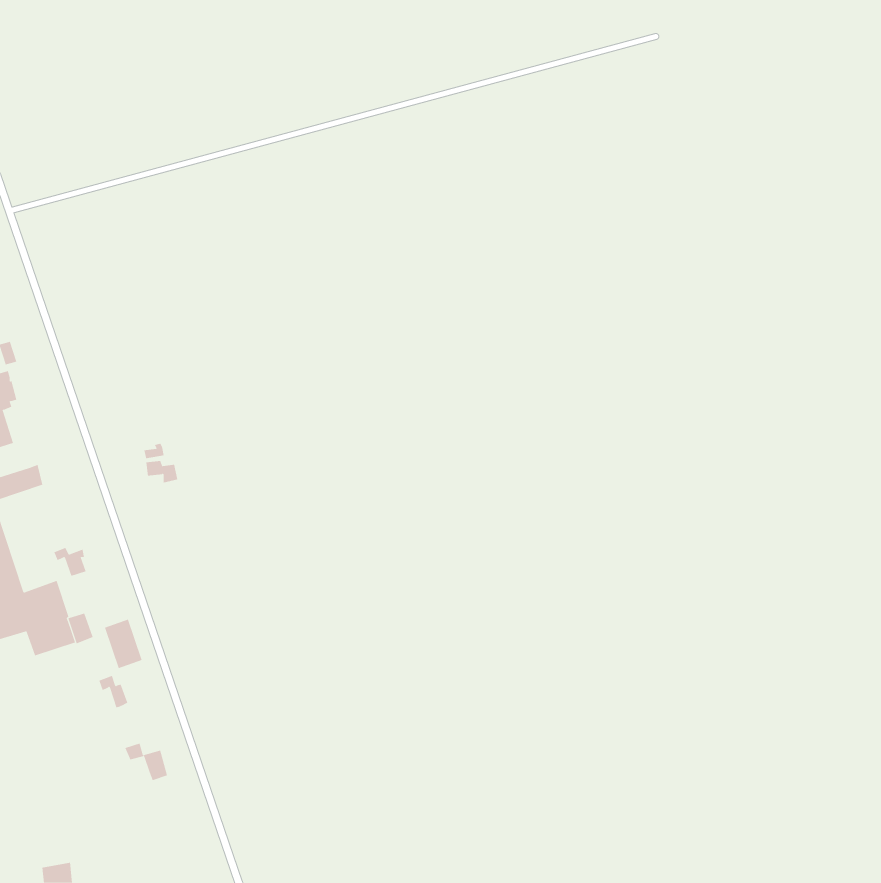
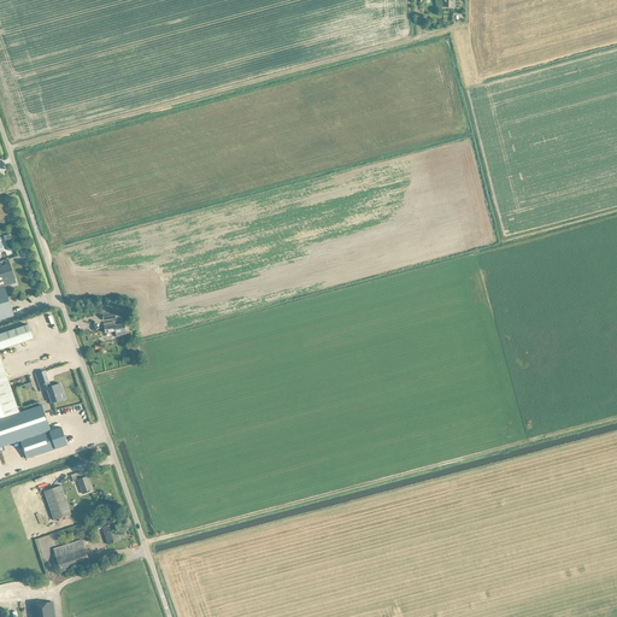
building: [104,619,142,669] -> [42,484,69,519]
building: none -> [51,537,87,571]

